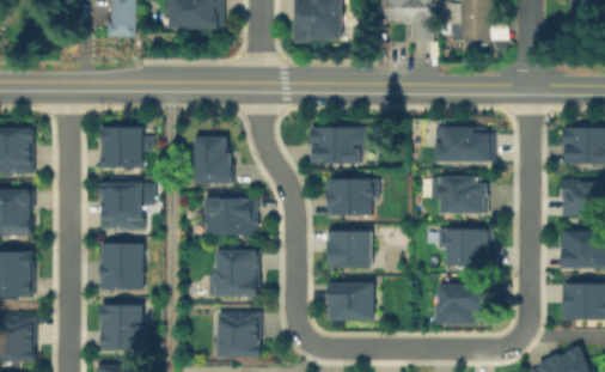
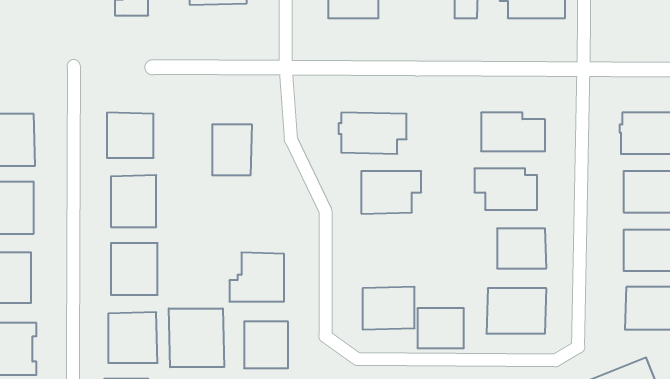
building: [202,197,255,234] -> none
building: [330,232,372,268] -> [417,308,464,348]
building: none -> [169,308,224,367]

